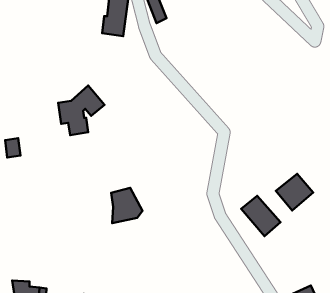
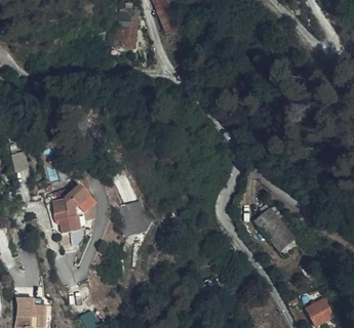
building: [58,86,104,135] -> [49,183,96,234]
building: [276,174,313,210] -> none

